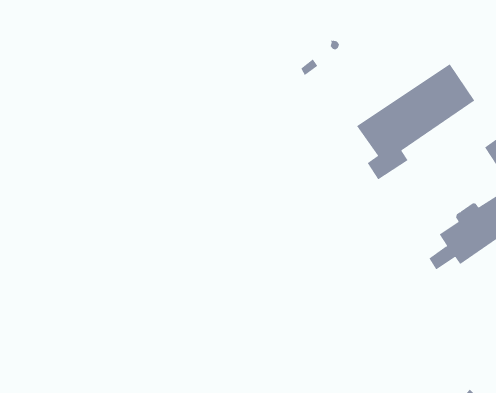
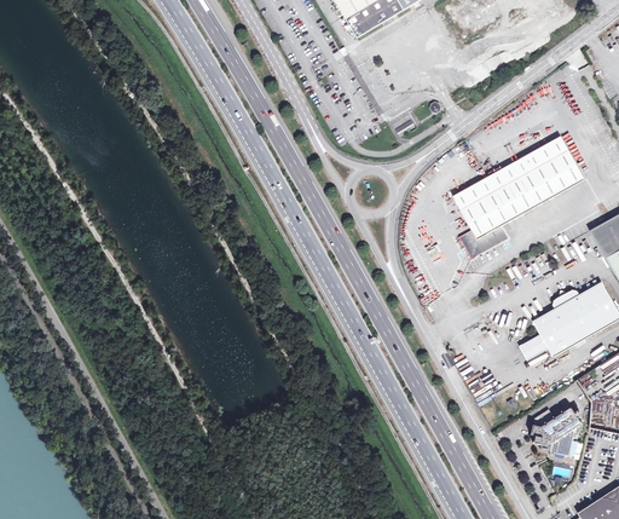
building: none -> [532,405,582,454]

